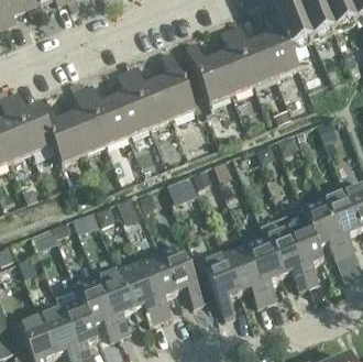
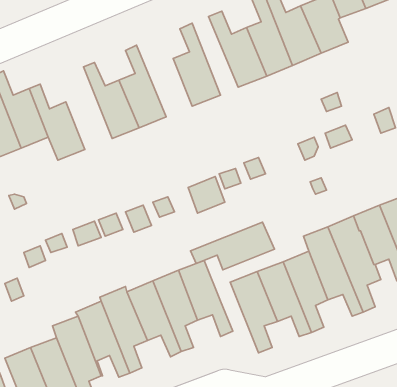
building: [125,66,170,128] -> none
building: [68,87,106,154] -> none
building: none -> [190,222,274,270]

